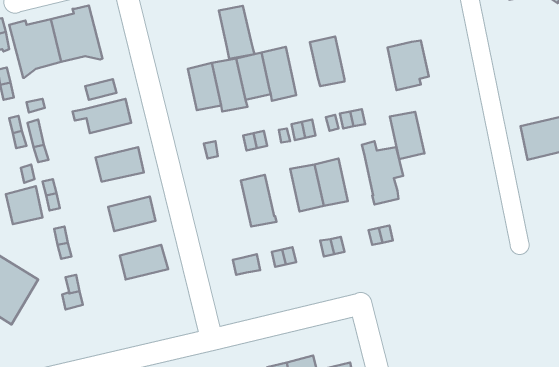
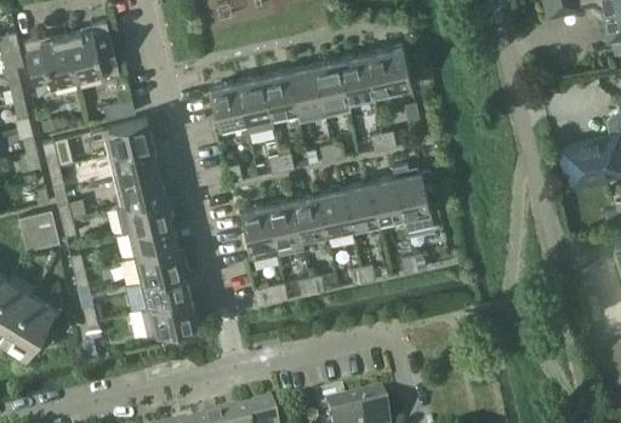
building: [219,6,254,59] -> [314,59,352,115]
building: [387,41,429,90] -> [366,46,410,98]
building: [390,112,424,159] -> [370,177,406,227]
building: none -> [108,144,159,181]
building: none -> [292,193,329,242]
building: none -> [115,196,171,234]
building: none -> [241,205,278,259]
building: none -> [133,247,188,284]
building: none -> [141,298,196,336]

